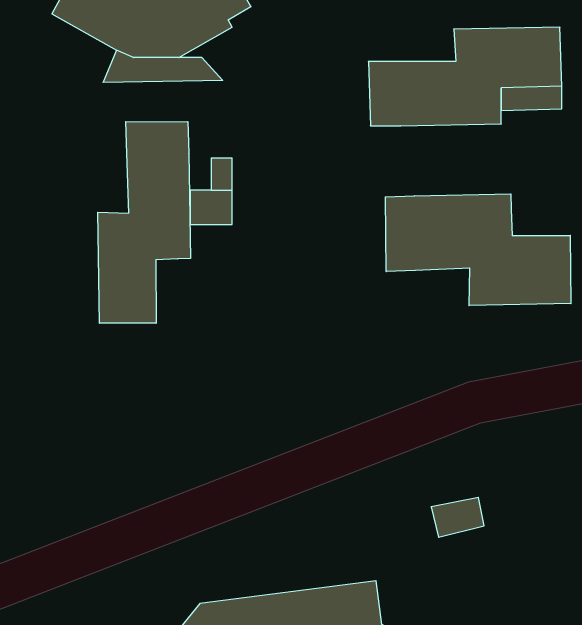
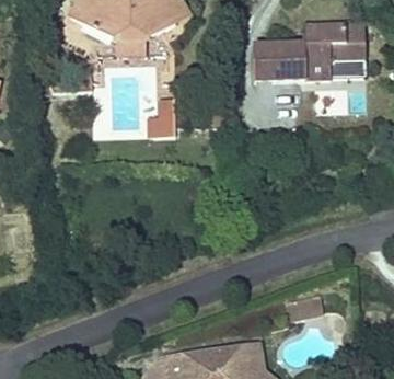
building: [98,122,190,323] -> none
building: [385,194,571,306] -> none

